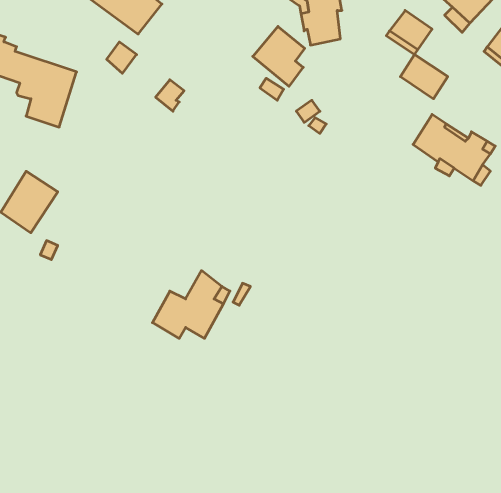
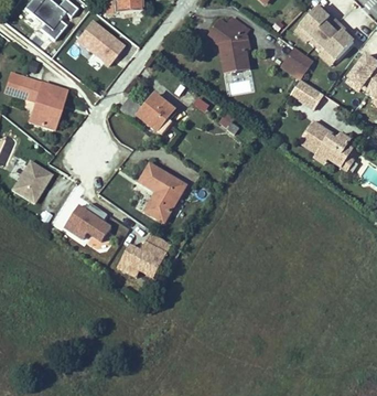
building: [253,26,305,86] -> [138,93,174,135]
building: none -> [139,162,187,222]
building: none -> [65,202,111,240]

